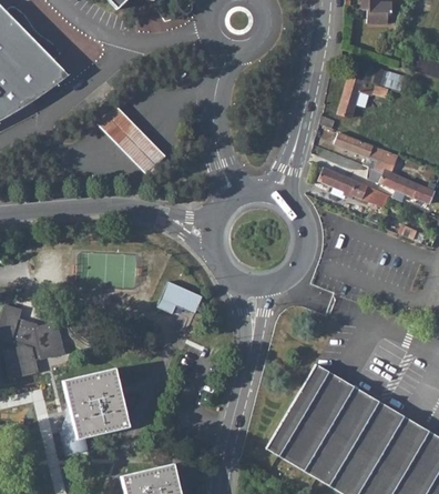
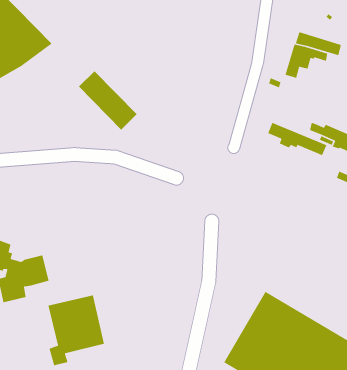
building: [334,132,398,172] -> none
building: [157,280,202,312] -> none

